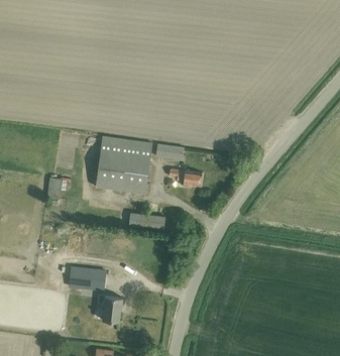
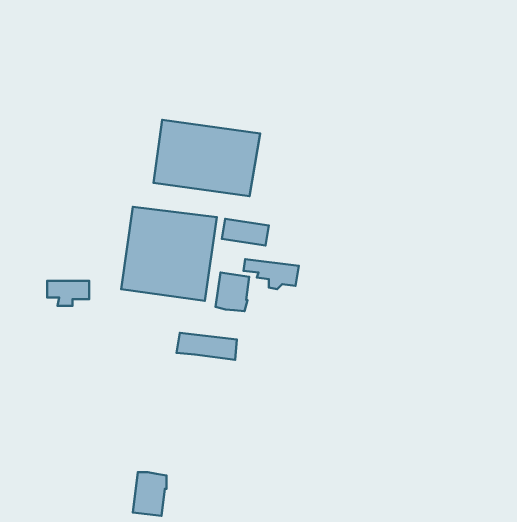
building: none -> [153,120,260,196]
building: none -> [216,273,249,311]
building: [68,266,105,290] -> none

